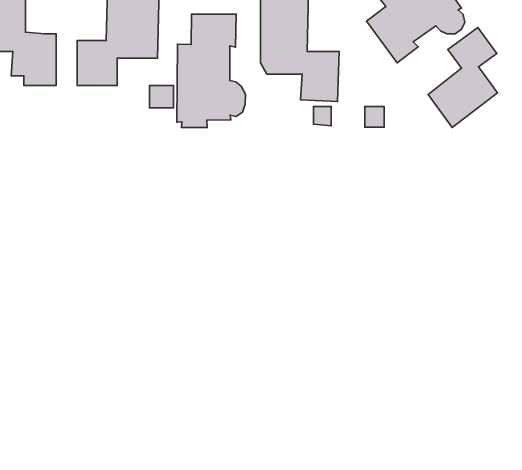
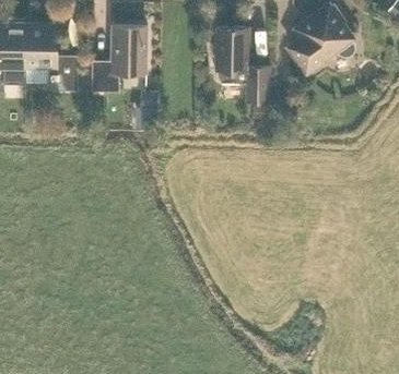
building: [177,14,245,127] -> none
building: [428,28,498,128] -> none

